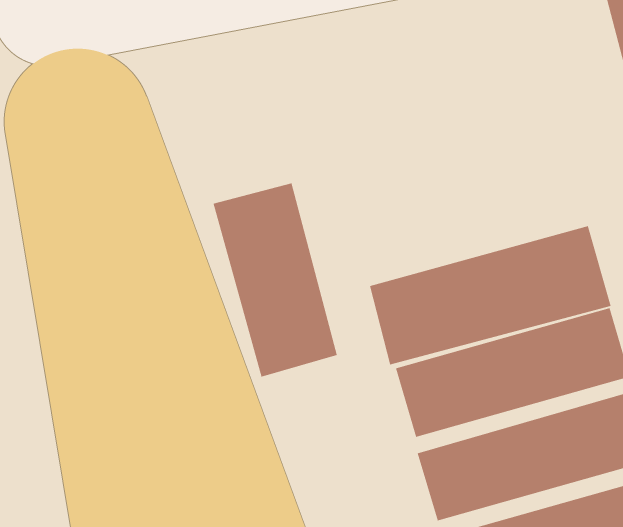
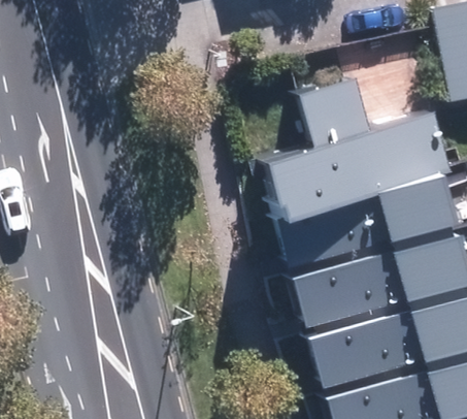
building: none -> [253,84,444,219]
building: [213,183,338,377] -> none

